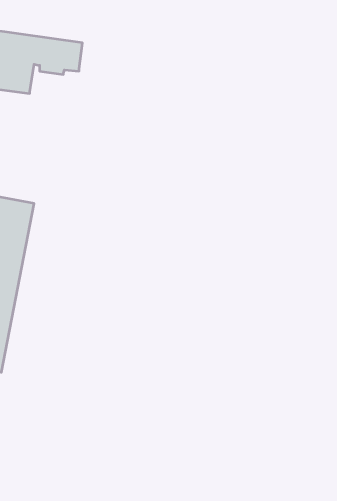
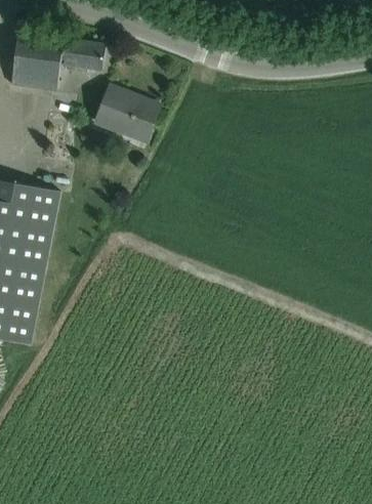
building: none -> [94,86,160,142]

